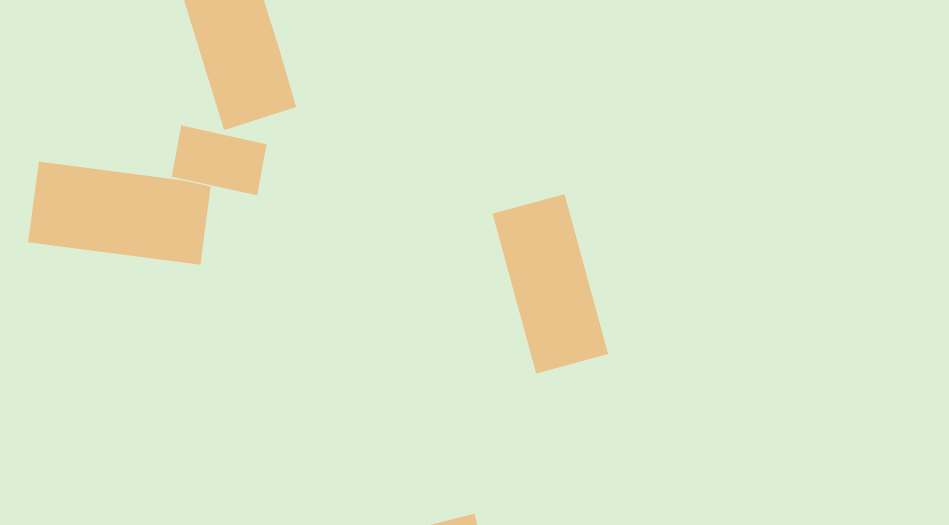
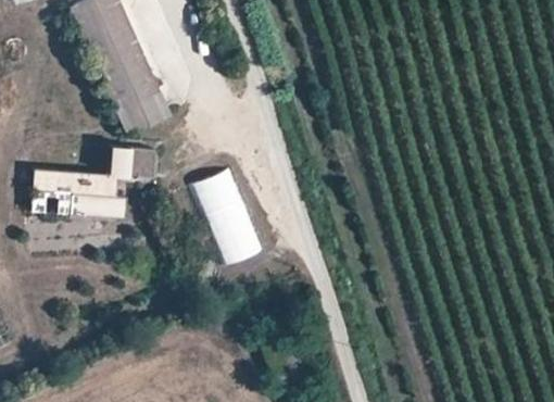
building: [492,193,609,374] -> [191,167,264,268]

